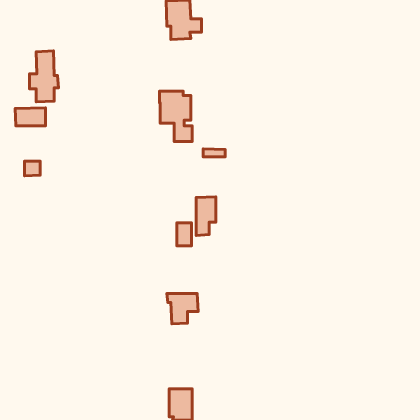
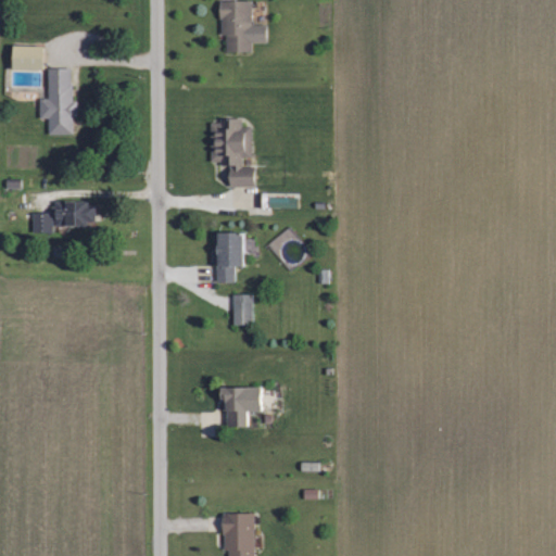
building: none -> [12,46,42,71]
building: [15,108,46,126] -> [55,202,96,226]
building: [196,197,216,235] -> [217,232,243,283]

